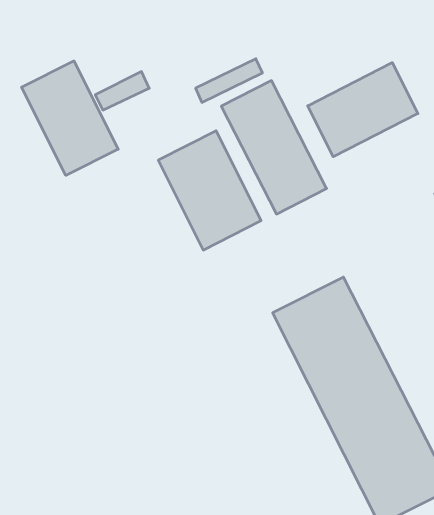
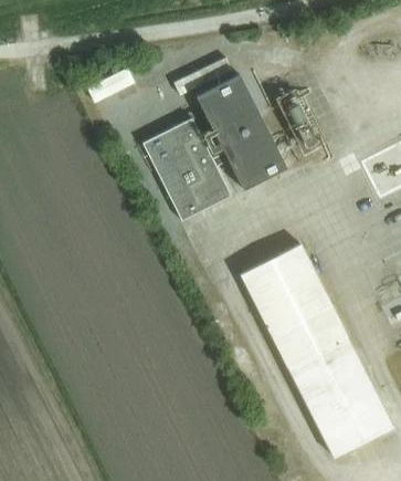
building: [22,61,118,175] -> none
building: [308,63,418,157] -> none

